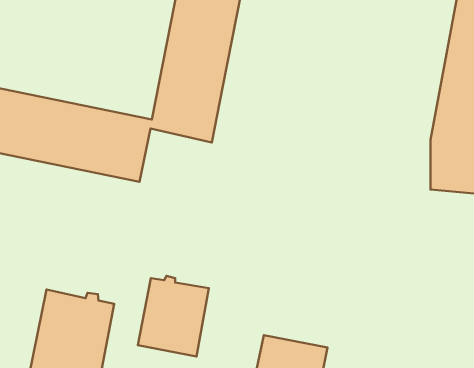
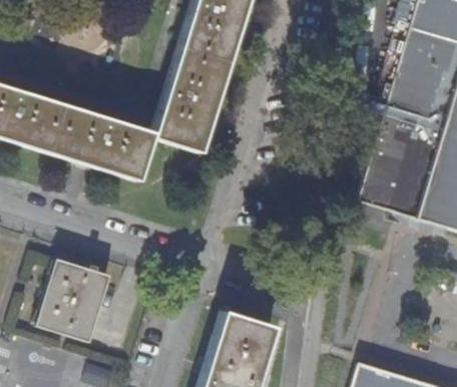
building: [138,276,209,356] -> none

